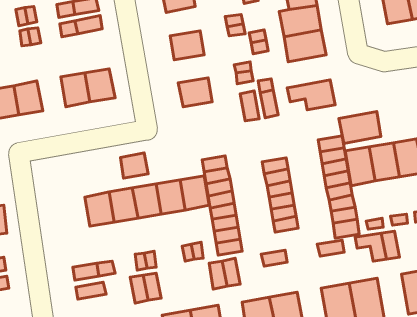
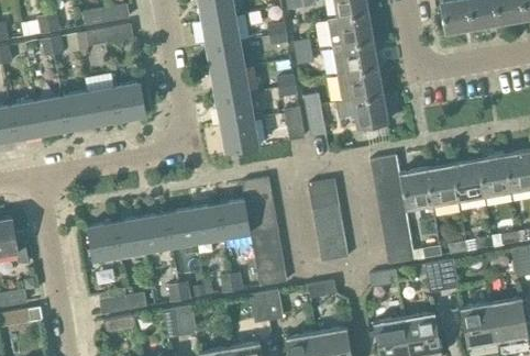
building: none -> [202,14,240,46]
building: none -> [211,67,249,98]
building: none -> [60,91,92,129]
building: none -> [221,119,258,152]
building: [339,111,381,144] -> [336,67,383,102]
building: [121,153,148,178] -> none
building: none -> [87,223,119,259]

